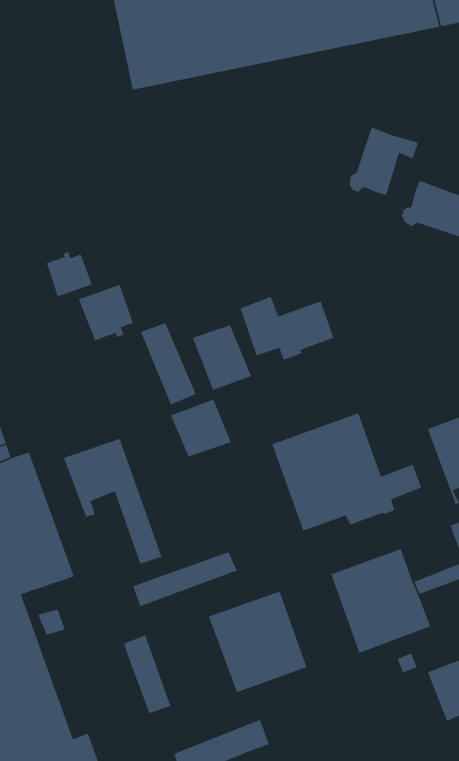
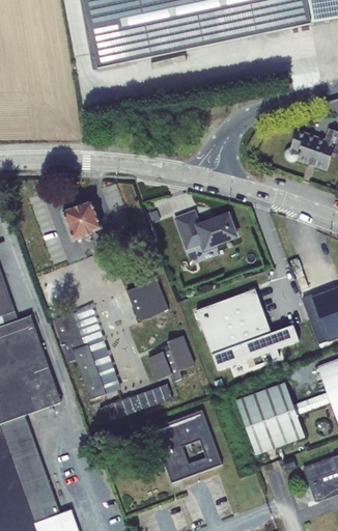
building: [349,126,419,196] -> none
building: [46,251,93,297] -> none
building: [140,322,197,406] -> none
building: [192,324,252,391] -> none
building: none -> [147,335,194,381]
building: [123,634,171,714] -> [72,343,105,398]

